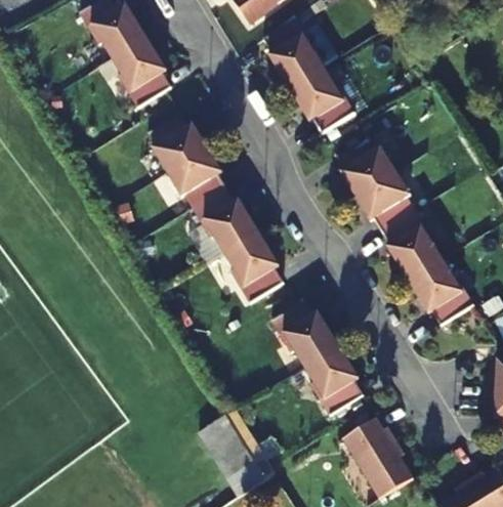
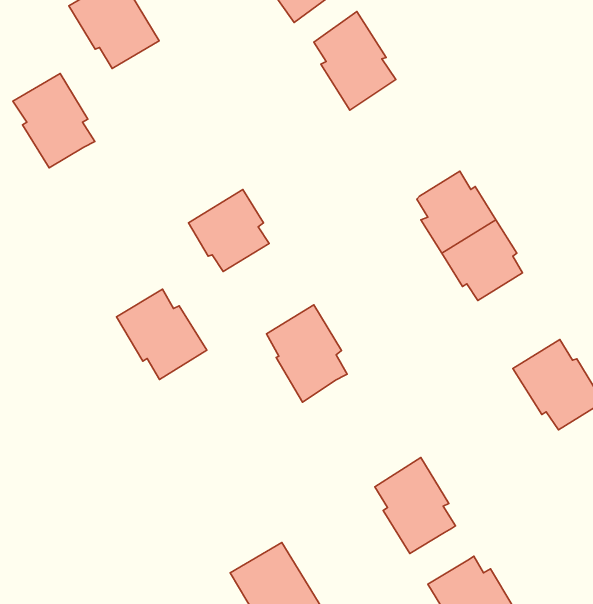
building: [112,38,172,108] -> [13,73,95,168]
building: [287,67,353,133] -> none
building: [149,113,208,172] -> none
building: [194,187,260,254] -> [116,289,207,379]
building: [381,209,442,280] -> none
building: [274,300,339,367] -> none

